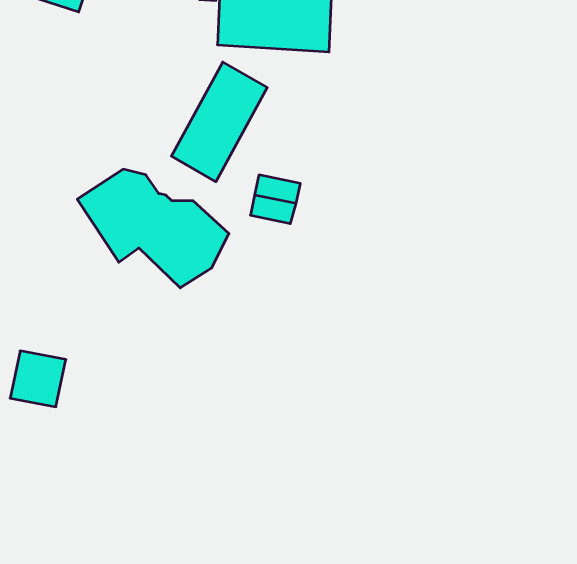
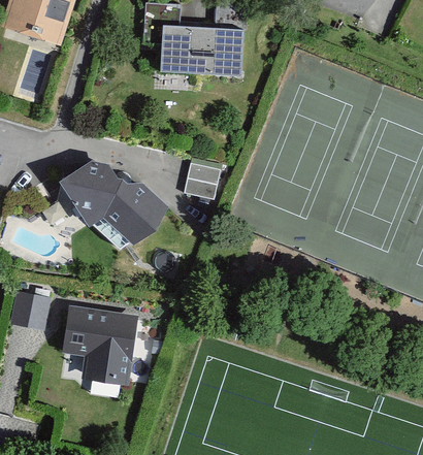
building: [171,62,267,182] -> none
building: none -> [63,310,138,389]

